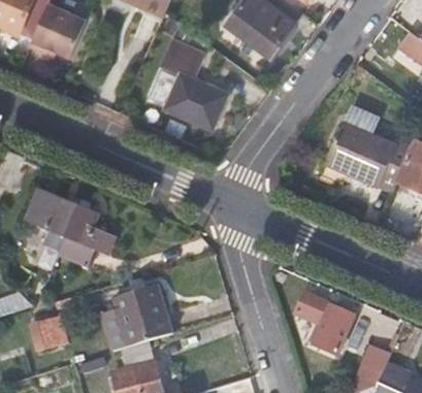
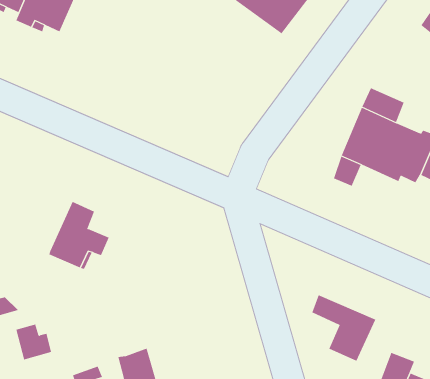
building: [159,36,229,128] -> none
building: [26,190,79,253] -> none
building: [113,285,173,348] -> none

